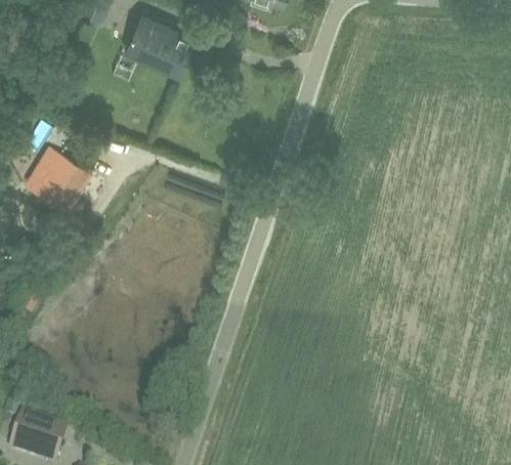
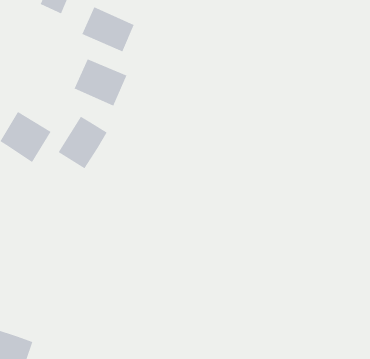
building: none -> [74,59,127,107]
building: none -> [58,116,108,169]

